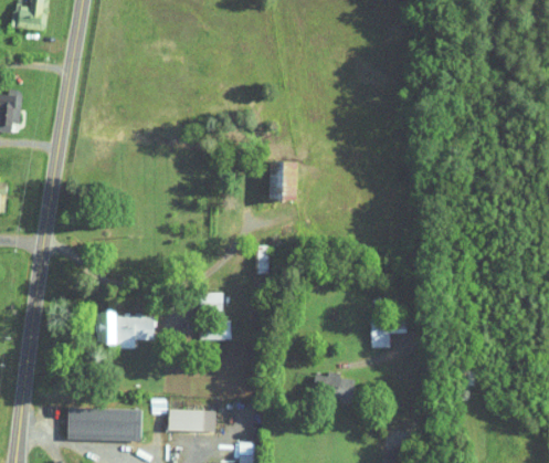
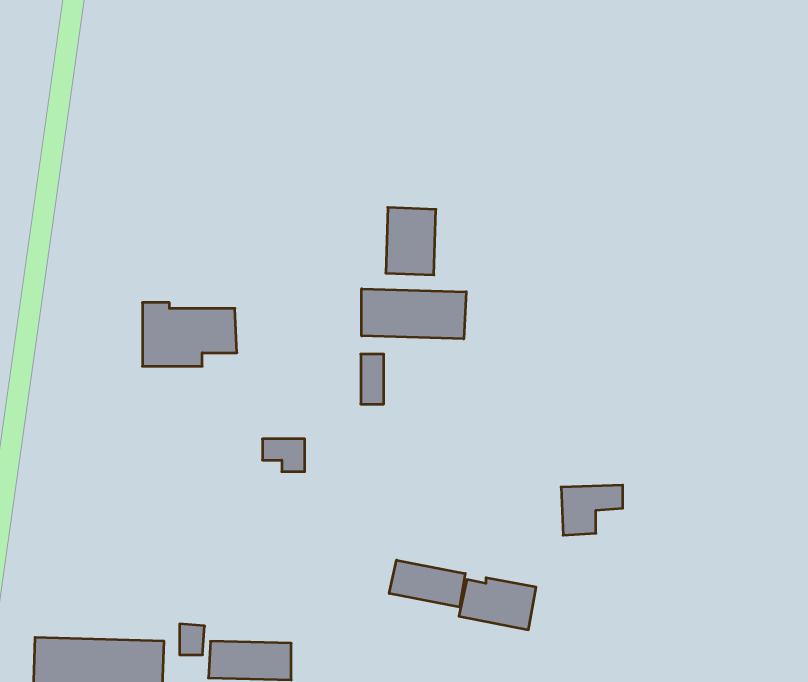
building: none -> [362,289,466,339]
building: [99,312,154,348] -> [142,303,237,366]
building: none -> [389,560,465,607]

